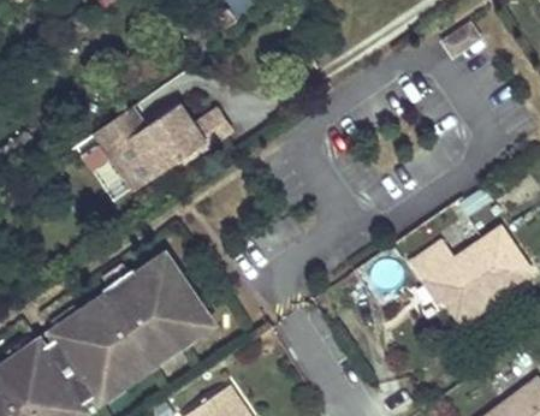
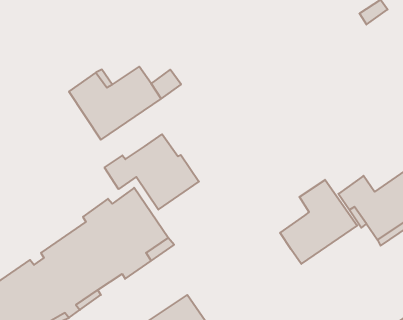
building: none -> [105,134,199,210]
building: none -> [280,180,357,264]

